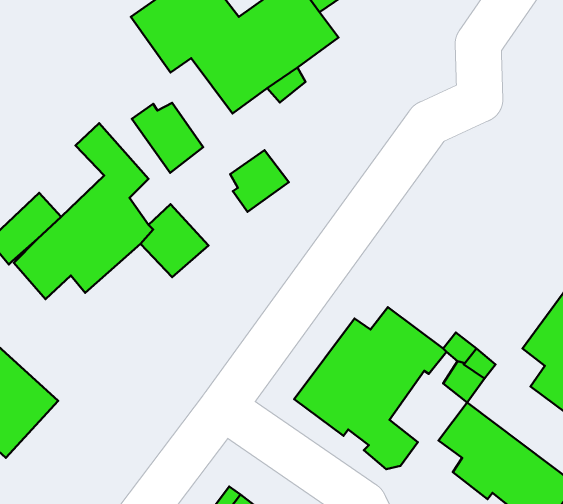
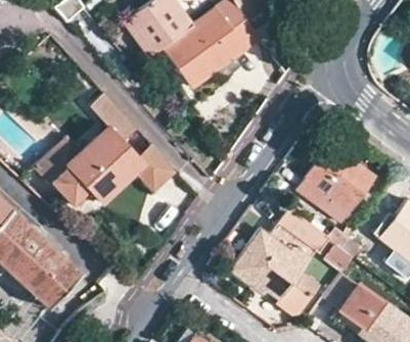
building: [132,103,203,173] -> none
building: [230,150,289,212] -> none
building: none -> [299,142,377,221]

